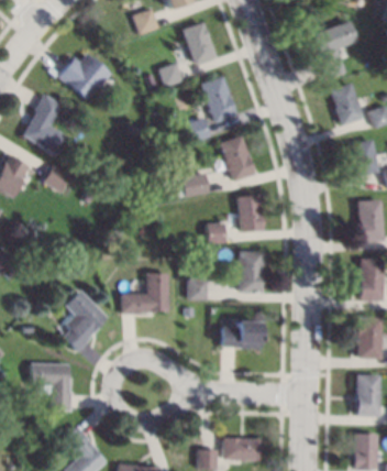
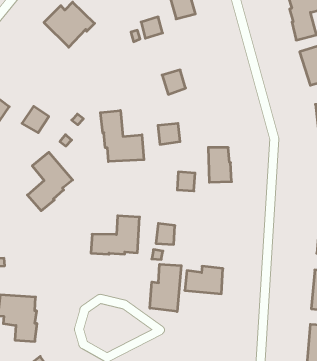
building: [201,76,237,122] -> none
building: [23,94,69,155] -> none
building: [221,134,256,180] -> none
building: none -> [100,110,144,162]
building: [240,251,265,293] -> none
building: [63,289,109,351] -> [27,152,73,211]
building: none -> [150,264,181,312]

